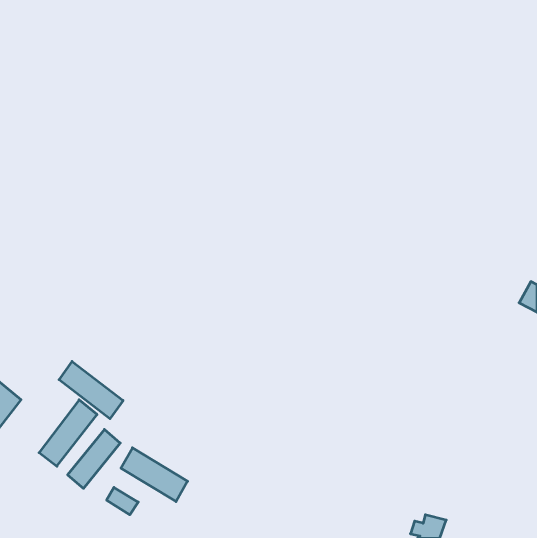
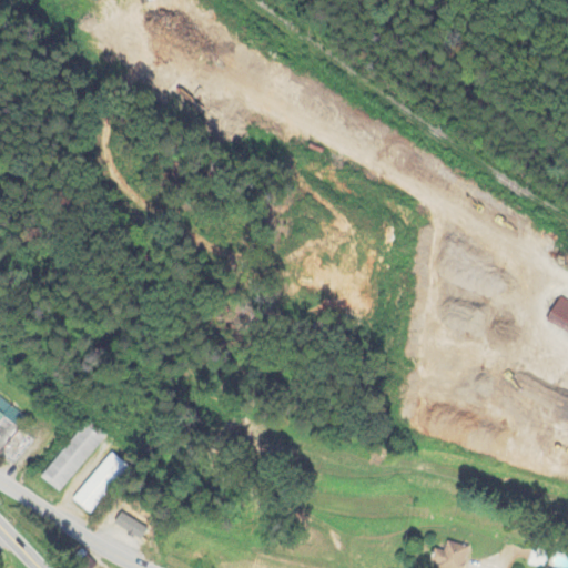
building: [59,361,123,419] -> none
building: [121,448,188,502] -> none

